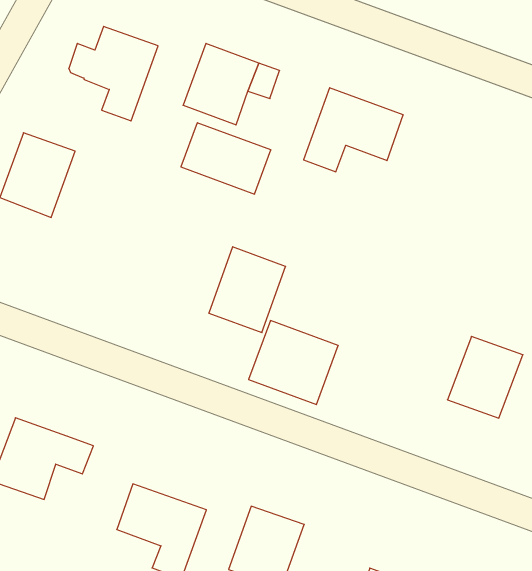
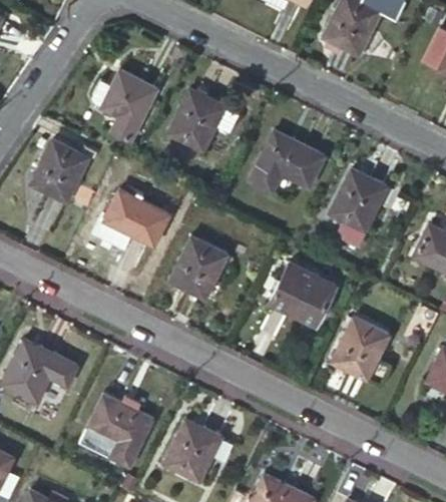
building: [181,123,271,194] -> [104,189,169,244]
building: none -> [330,170,387,243]
building: [249,321,338,405] -> [271,263,337,326]

